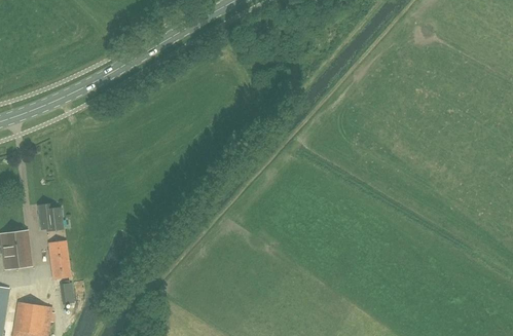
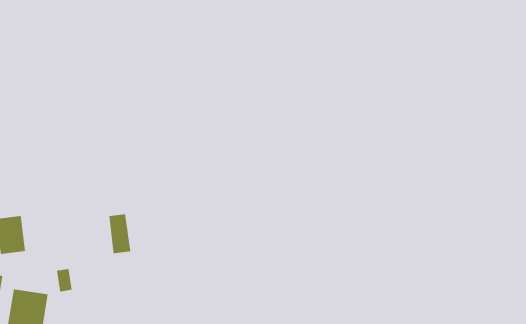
building: [38,204,63,230] -> none
building: [49,240,71,278] -> [108,214,131,254]

